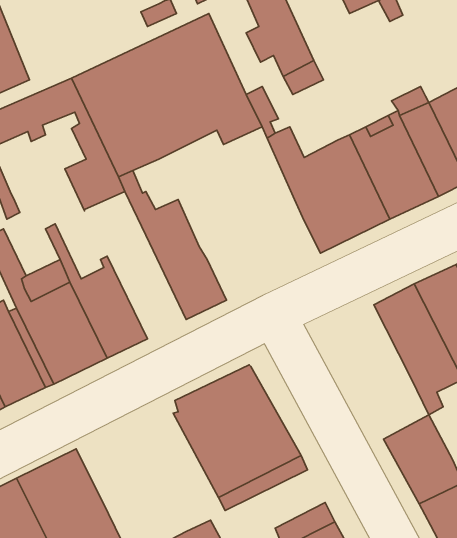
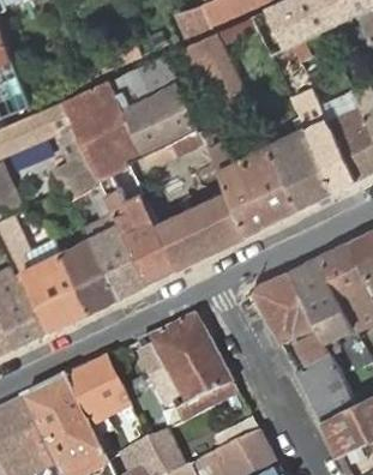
building: none -> [157,193,247,267]
building: none -> [89,220,148,296]
building: none -> [251,271,327,360]
building: none -> [66,359,131,426]

